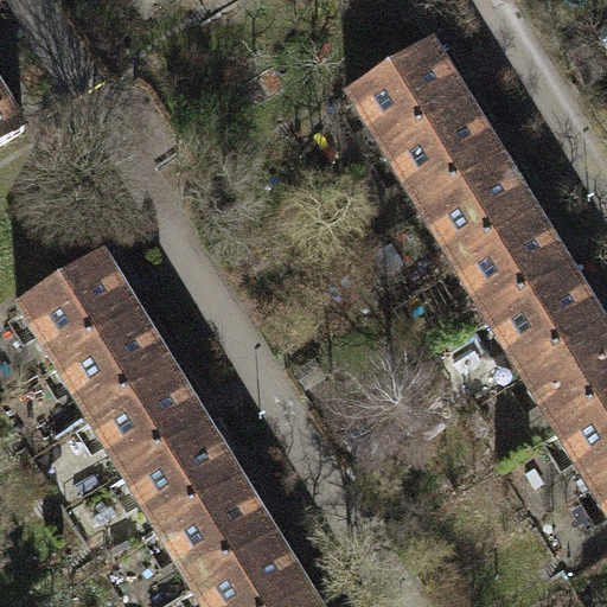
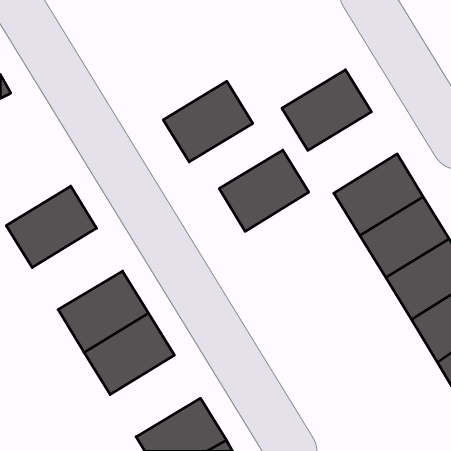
building: [347,37,466,143] -> [163,81,253,162]
building: [416,148,535,256] -> [219,150,309,231]
building: [51,302,171,410] -> none
building: [154,471,274,579] -> none

